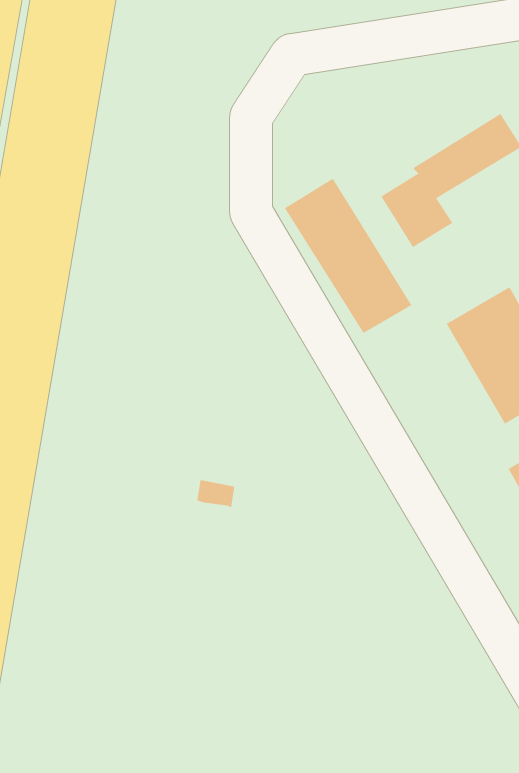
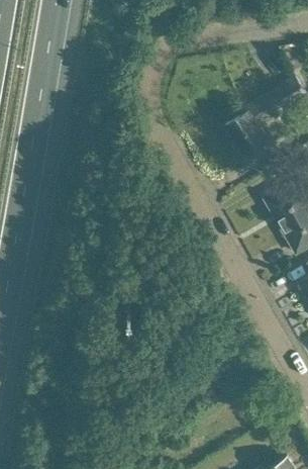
building: [284,178,412,334] -> none

